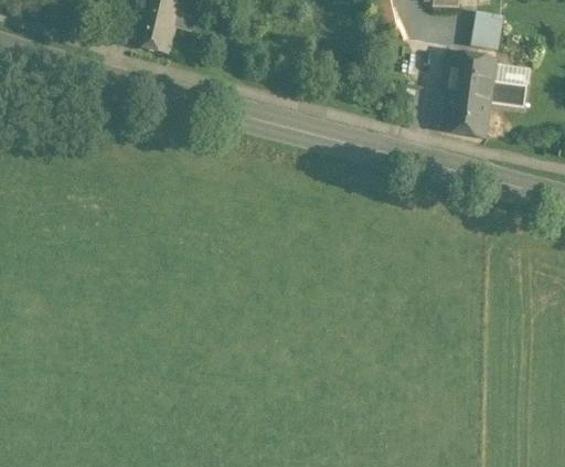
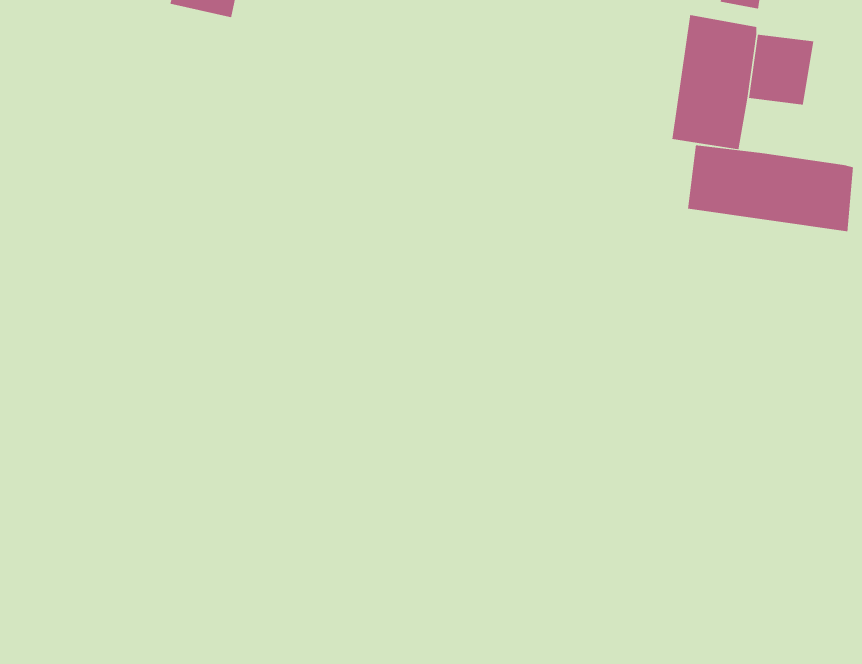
building: none -> [687,144,854,232]

